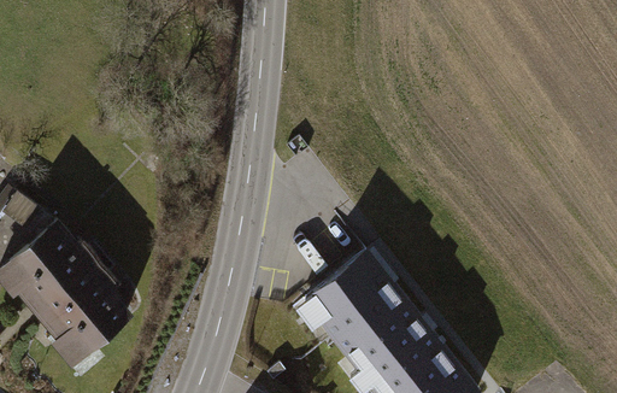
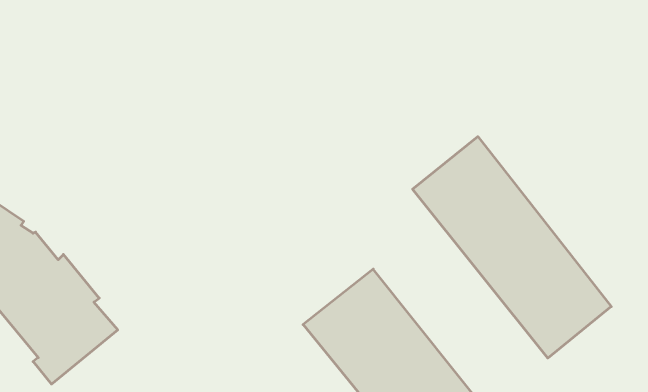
building: none -> [413,137,611,358]

